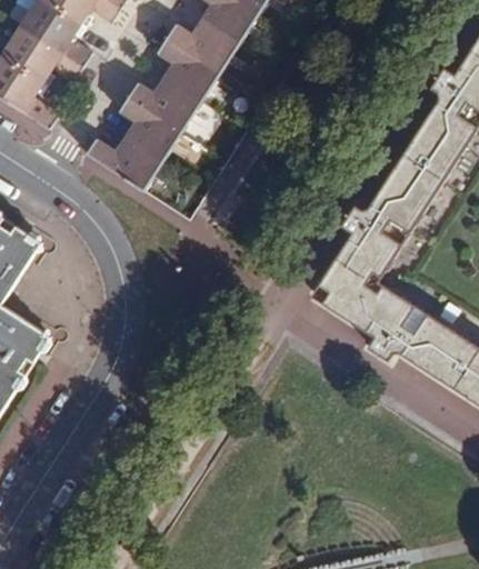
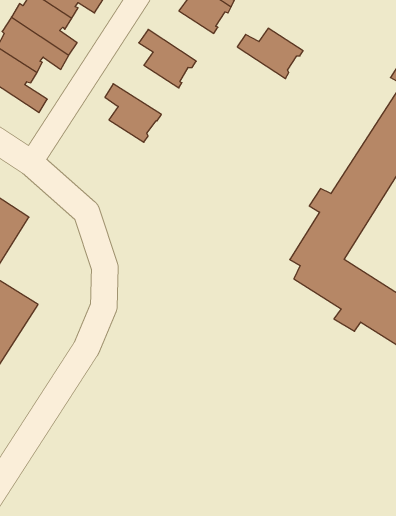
building: [168,18,239,72] -> [237,28,303,79]
building: [130,77,201,130] -> none
building: [87,136,163,183] -> none

